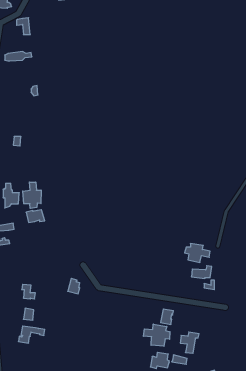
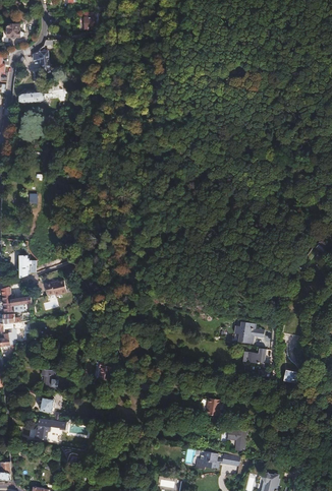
building: [23,182,41,208] -> none
building: [143,324,170,346] -> none

